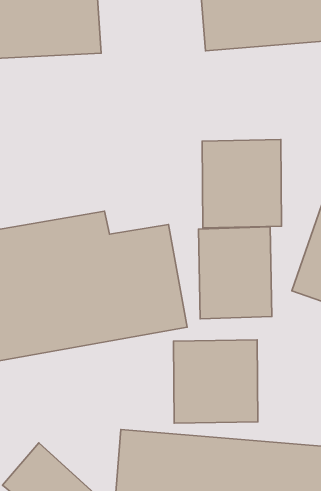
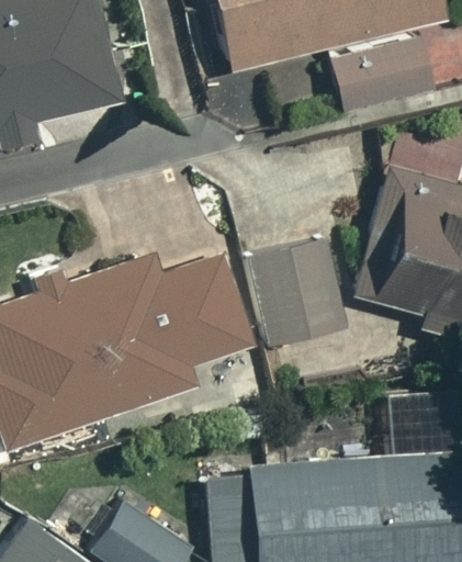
building: [202,140,282,228] -> none
building: [174,340,258,423] -> none

